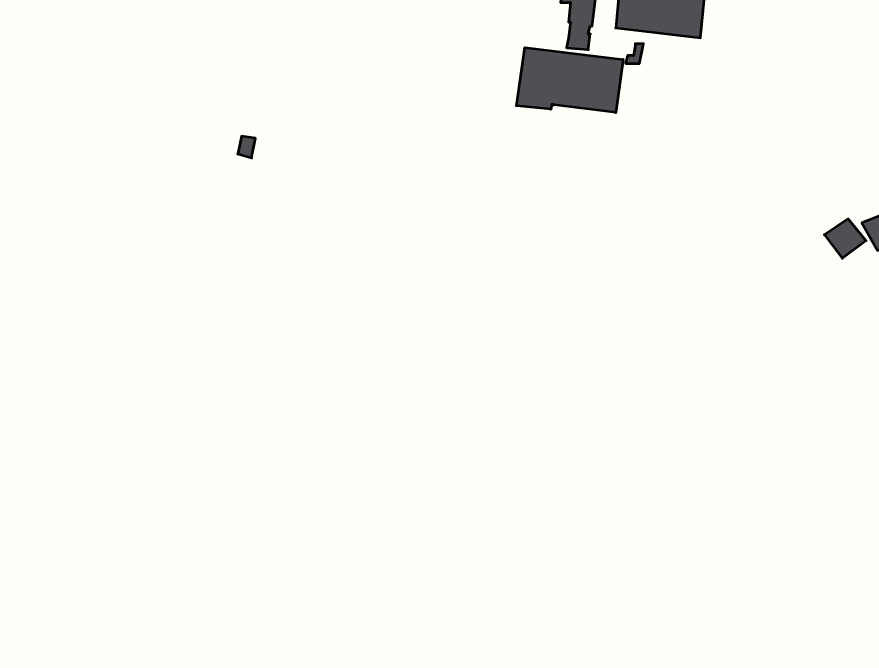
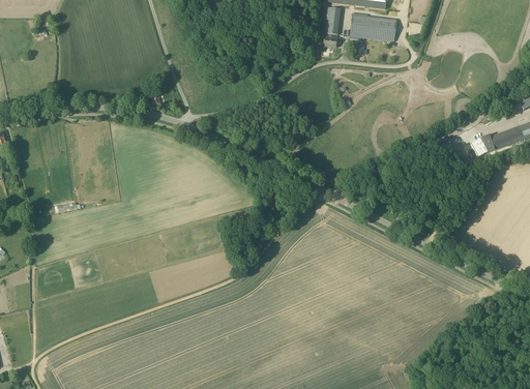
building: [516,48,623,113] -> none

